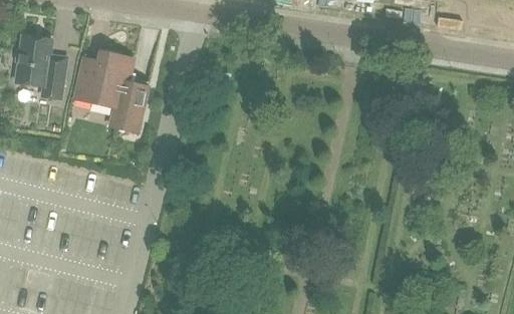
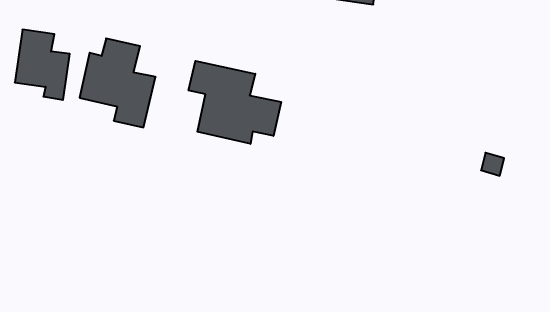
building: none -> [189,61,281,144]

